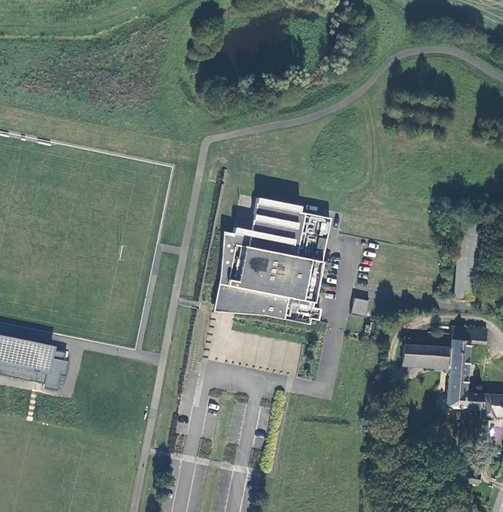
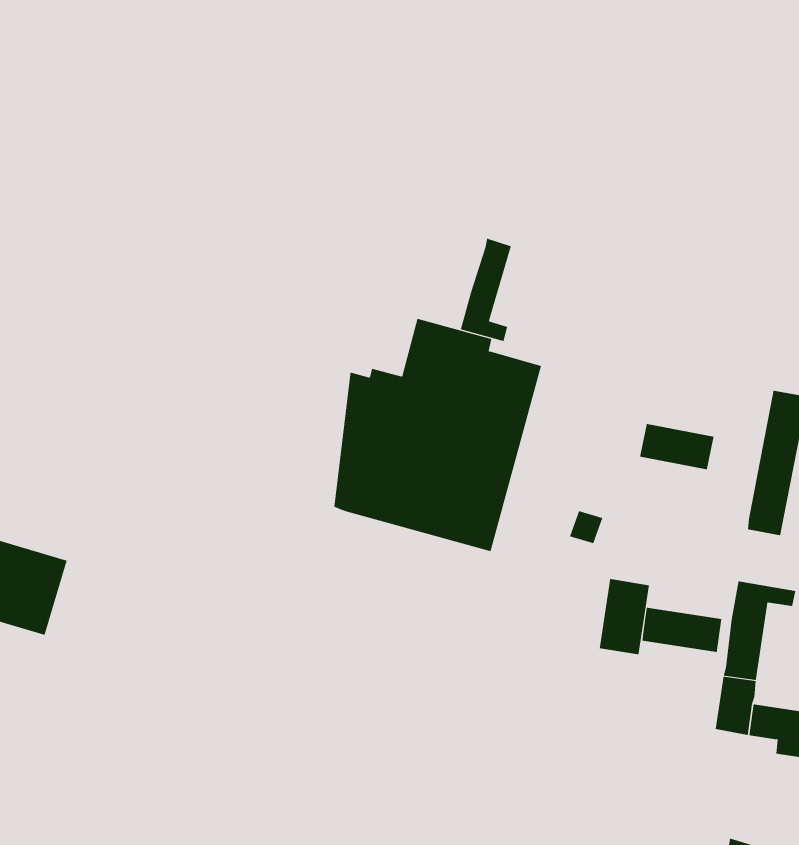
building: none -> [460,238,511,342]
building: none -> [640,423,714,470]
building: none -> [599,578,649,655]

